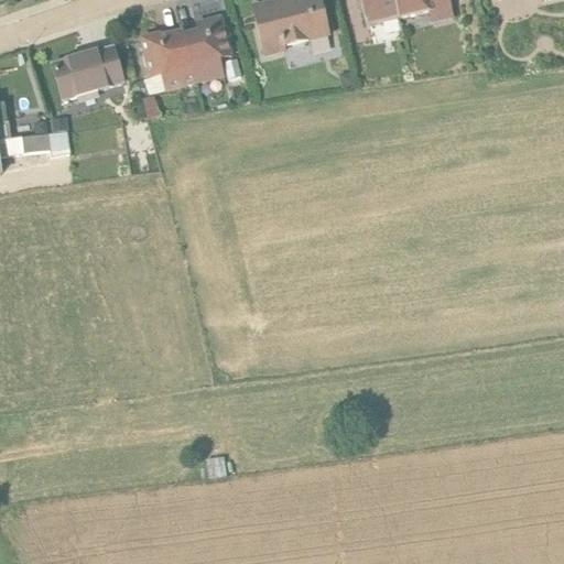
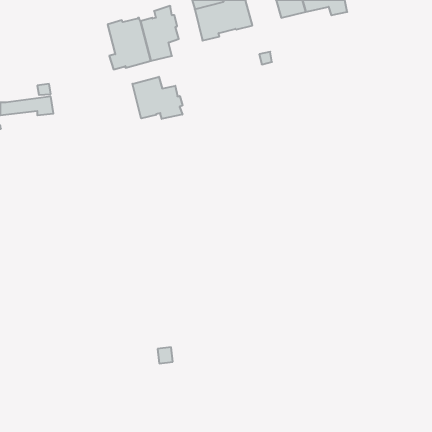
building: [52,41,122,96] -> none
building: none -> [132,77,183,119]

